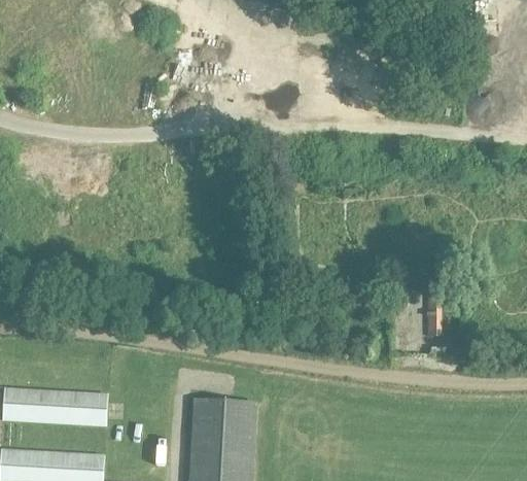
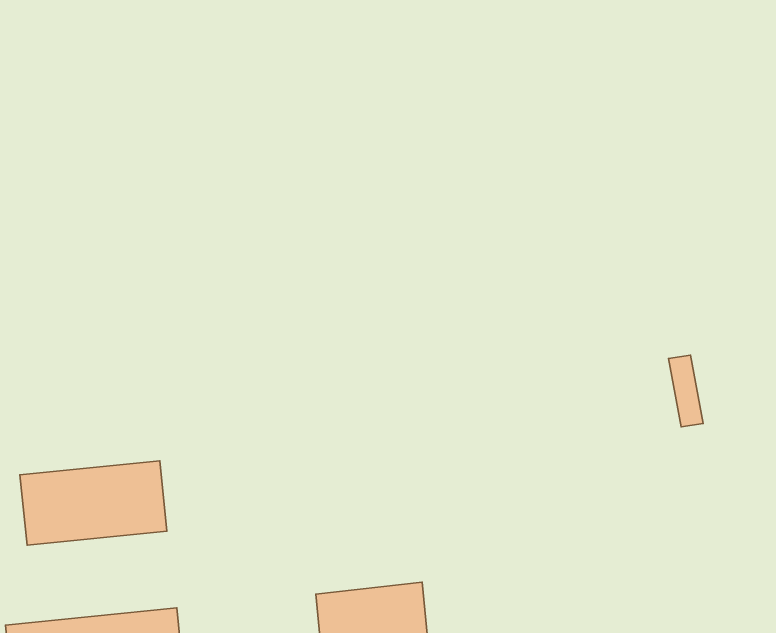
building: none -> [20,461,167,545]

